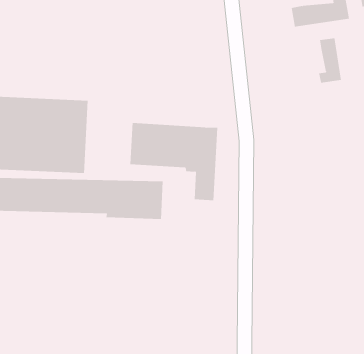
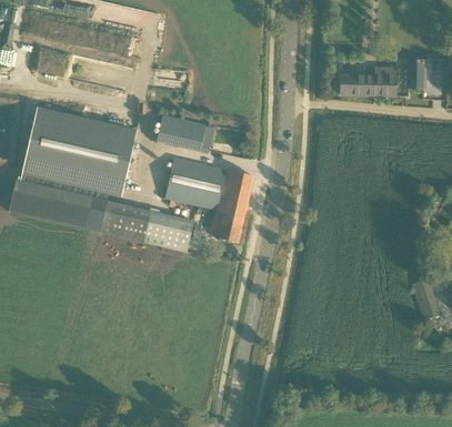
building: [318,38,341,83] -> none
building: none -> [157,114,208,151]

